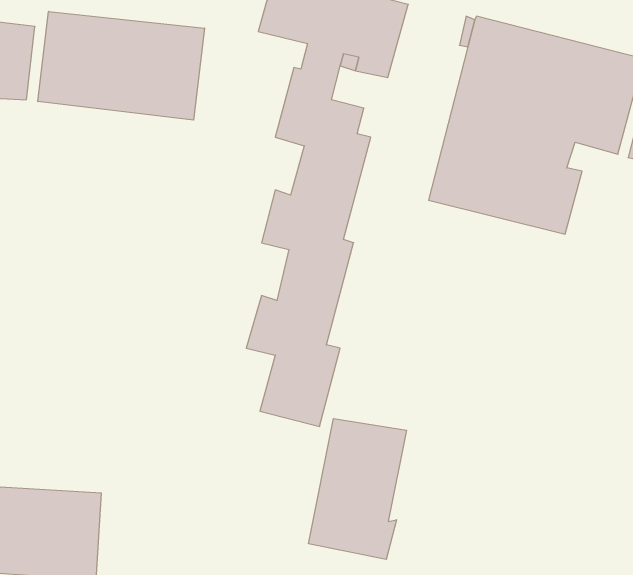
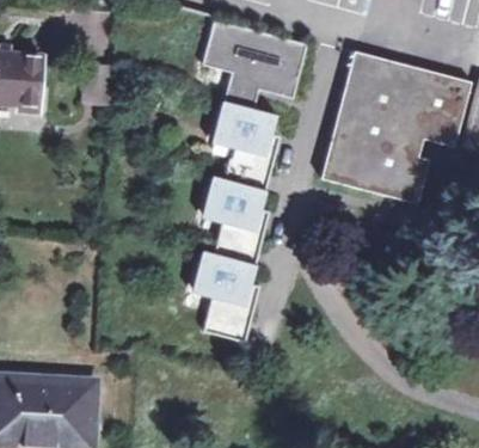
building: [38,11,204,120] -> none
building: [309,419,406,559] -> none

